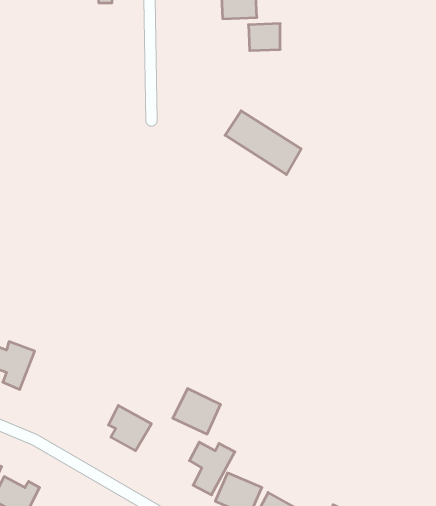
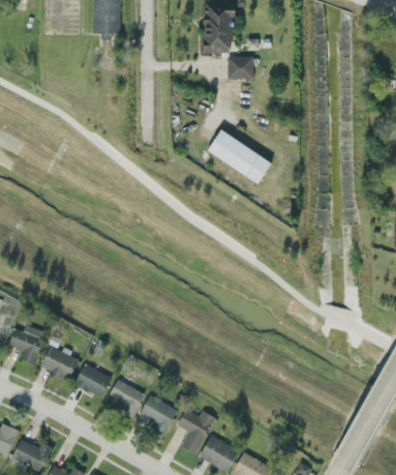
building: none -> [39,344,79,380]
building: none -> [73,363,112,397]
building: [173,389,221,434] -> [136,394,177,433]

